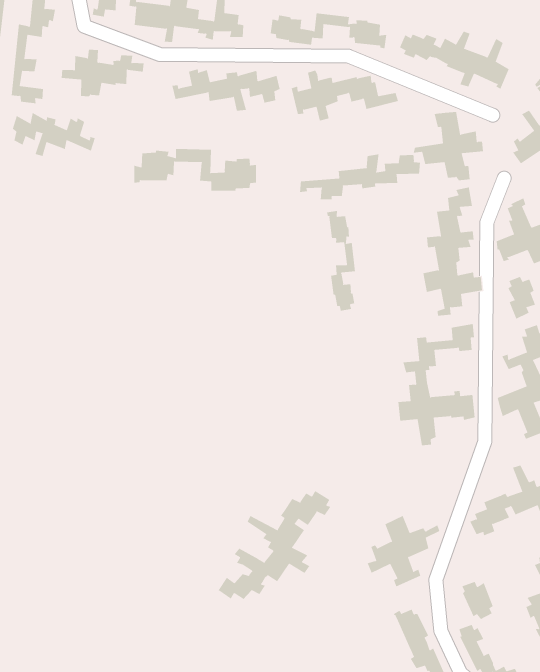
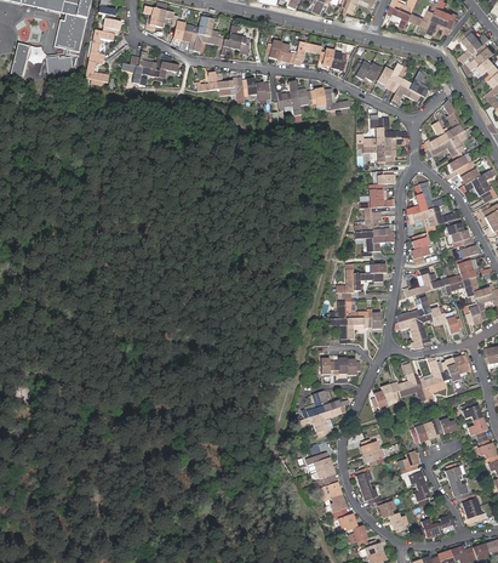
building: [12,112,95,157] -> none
building: [134,148,256,192] -> none
building: [299,153,420,200] -> none
building: [326,210,356,311] -> none
building: none -> [320,357,360,375]
building: [218,490,331,600] -> none

